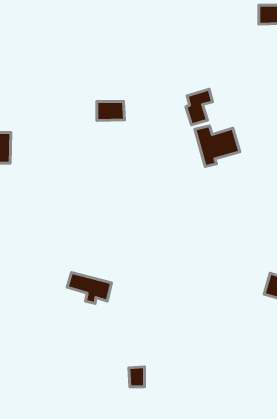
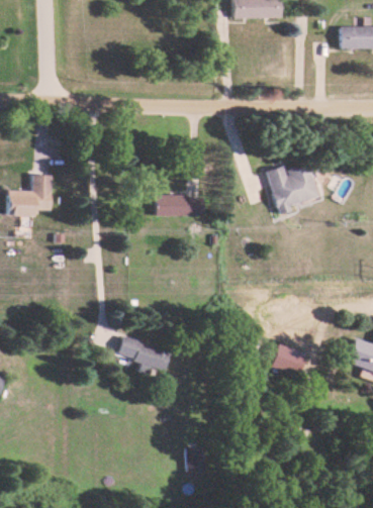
building: [186,89,213,125] -> none
building: [97,101,124,121] -> [156,194,188,216]
building: none -> [272,344,307,376]

